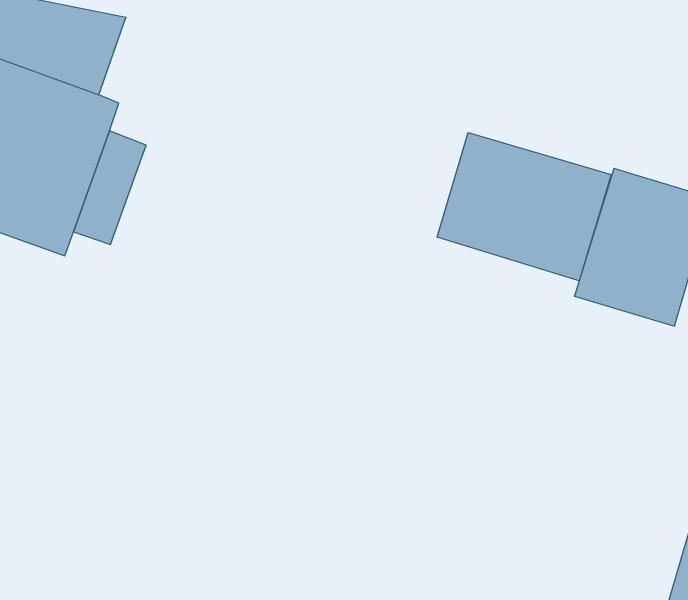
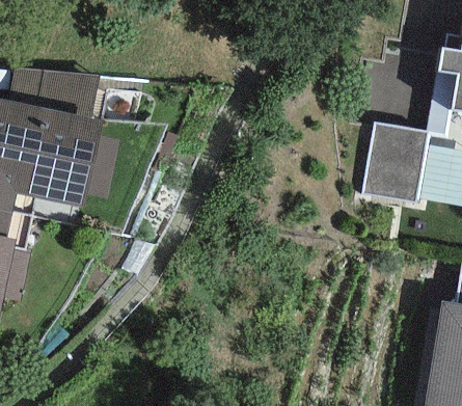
building: [437,133,611,281] -> none

